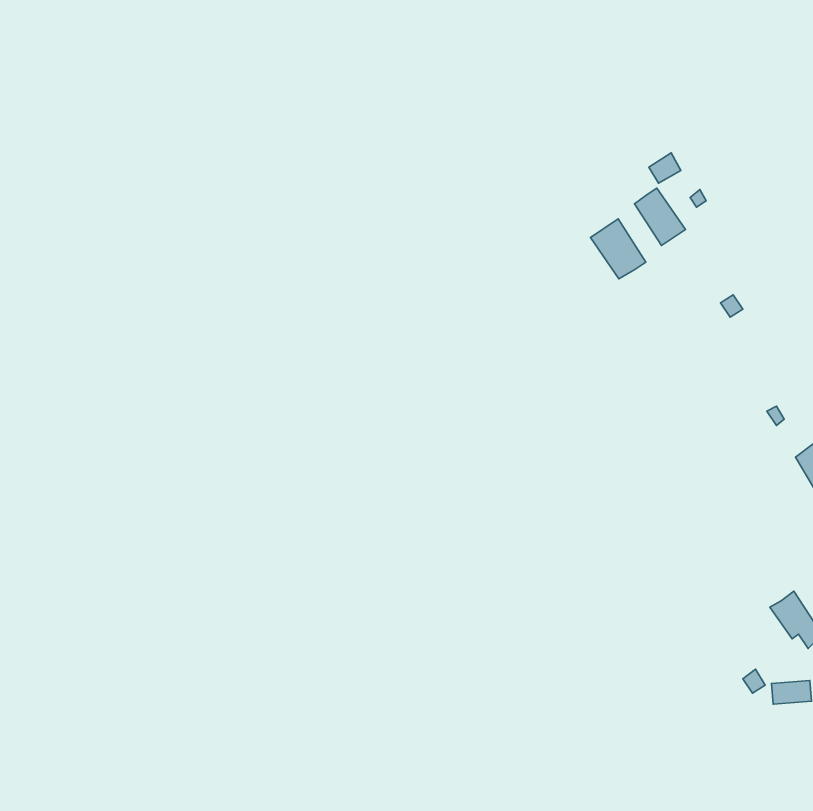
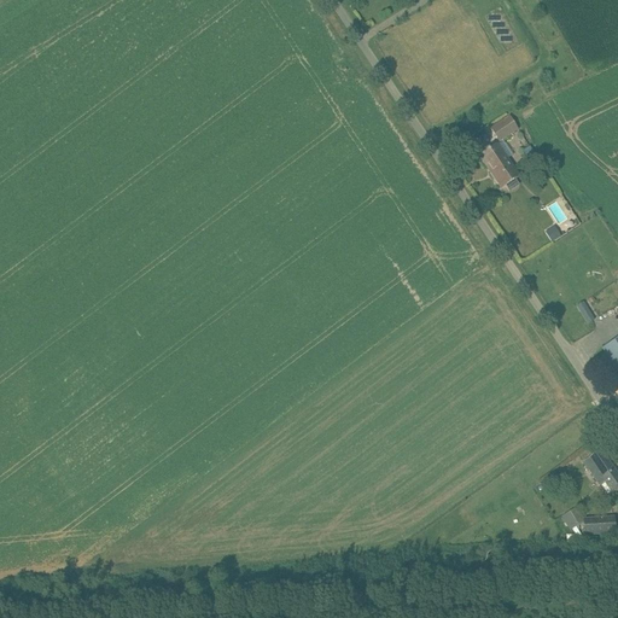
building: [590,219,646,279] -> none

